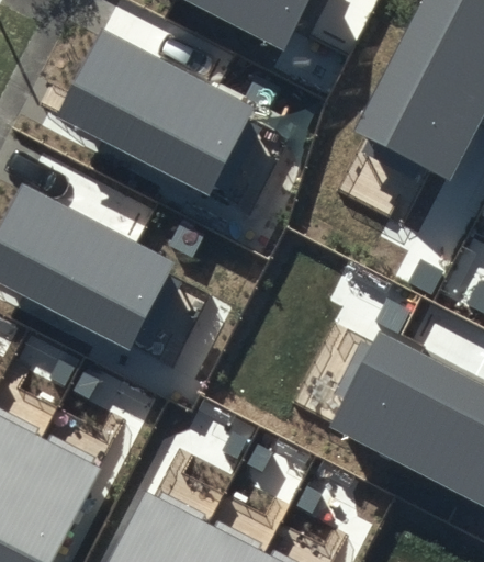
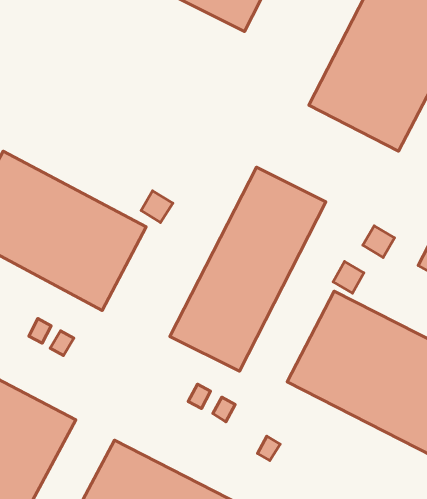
building: [57,29,254,194] -> none
building: none -> [170,167,326,371]

